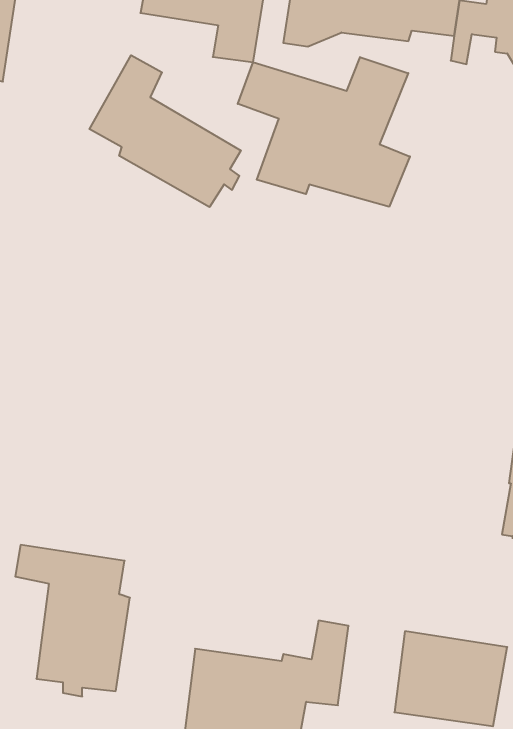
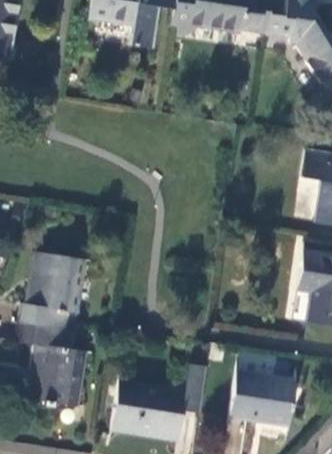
building: [89,55,241,207] -> none
building: [238,57,410,207] -> none
building: none -> [19,252,84,331]

